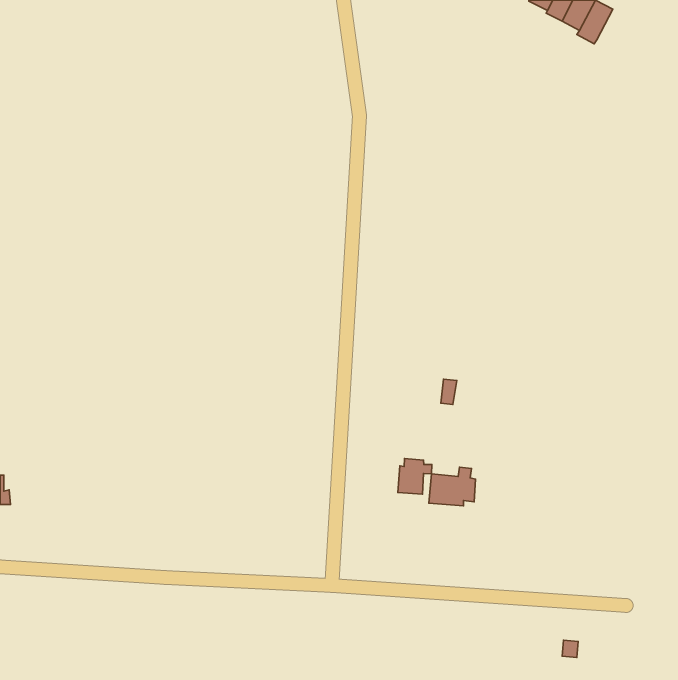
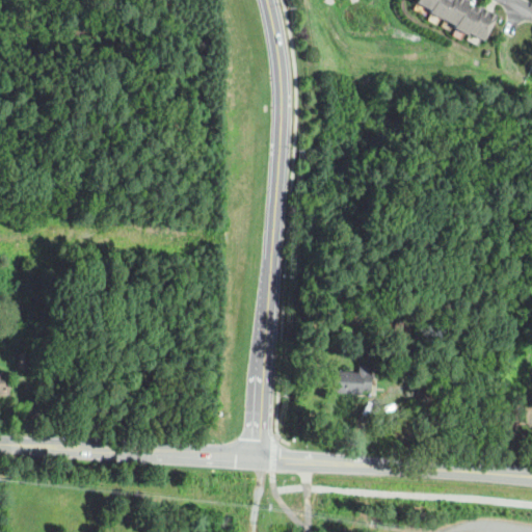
building: none -> [468,5,496,38]
building: [398,458,432,494] -> none

